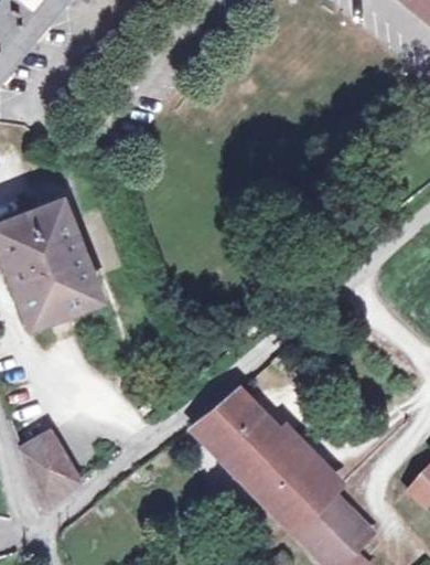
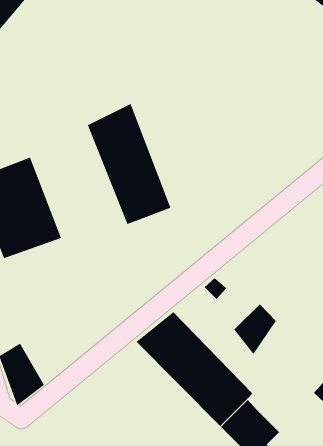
building: none -> [87,103,171,225]
building: none -> [233,303,277,355]

